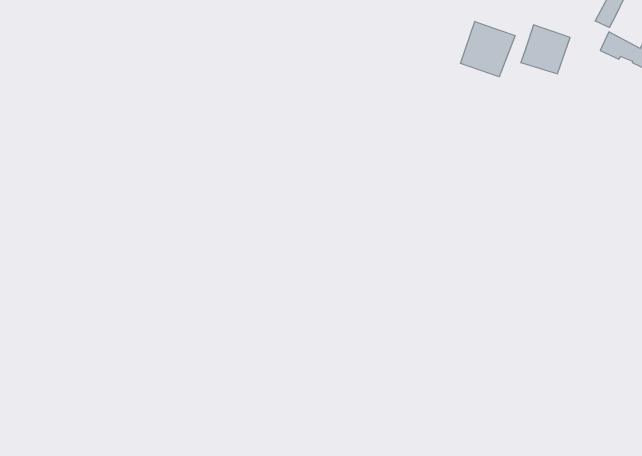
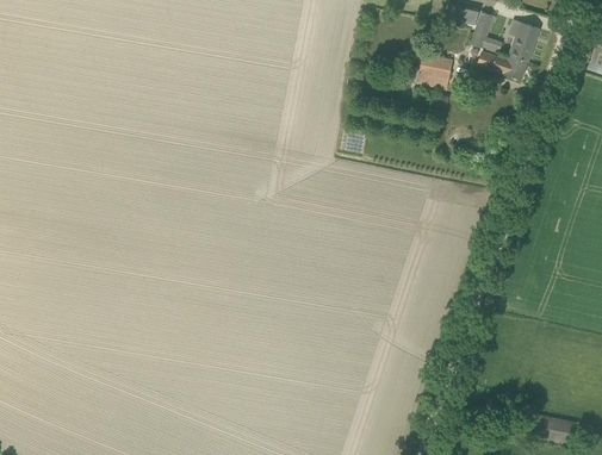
building: [460,21,515,77] -> none

